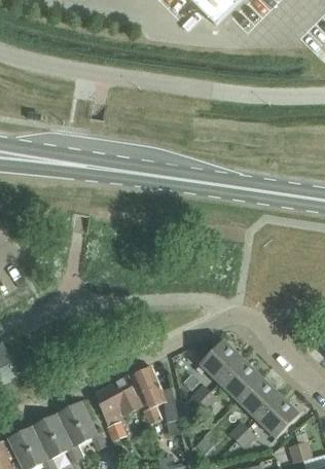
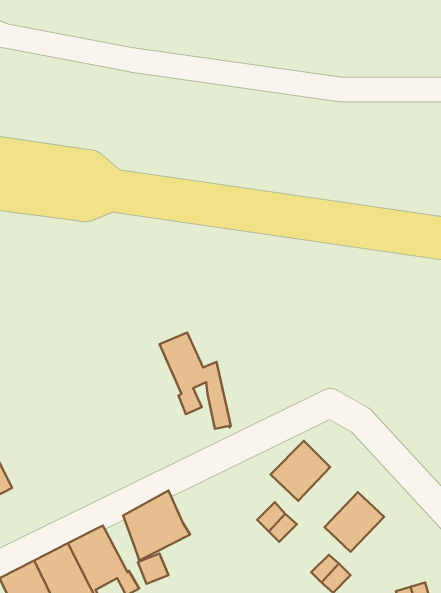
building: [218,359,260,401] -> none
building: [130,366,180,434] -> [160,333,231,429]
building: [255,394,298,437] -> none

